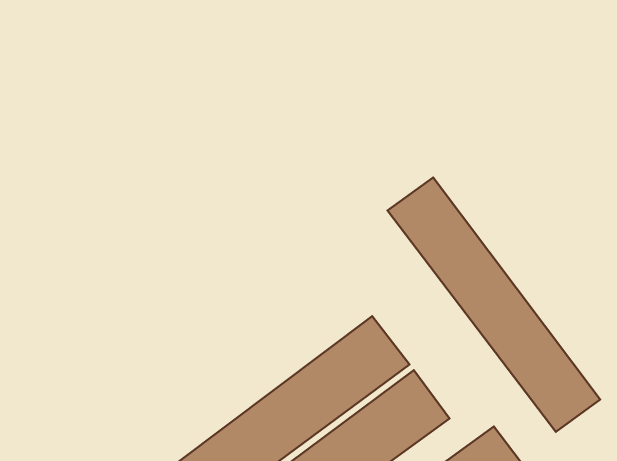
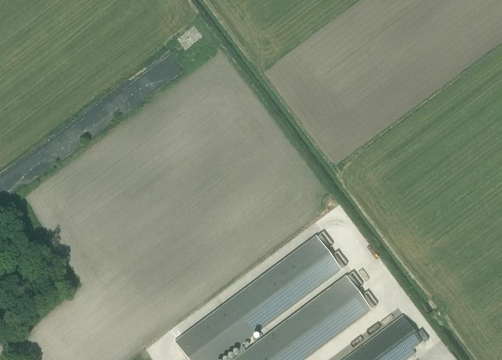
building: [387,177,600,432] -> none

